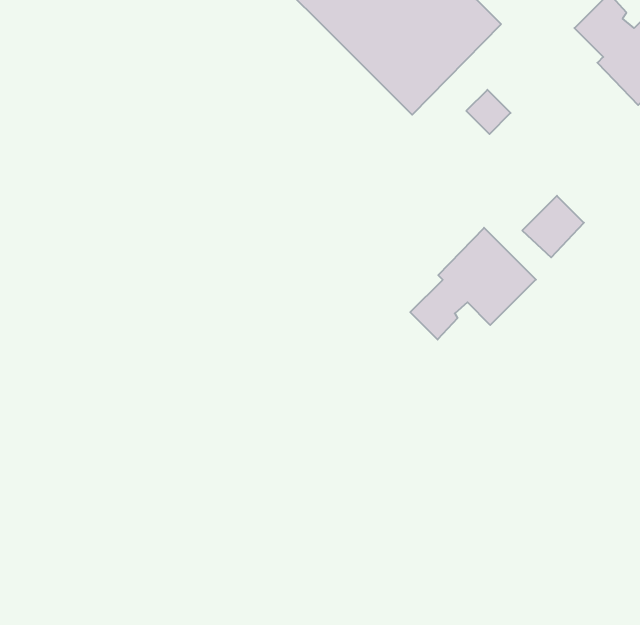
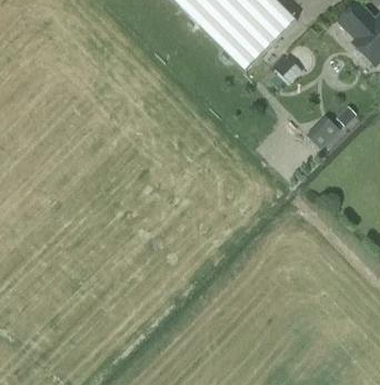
building: [410,228,536,340] -> none

